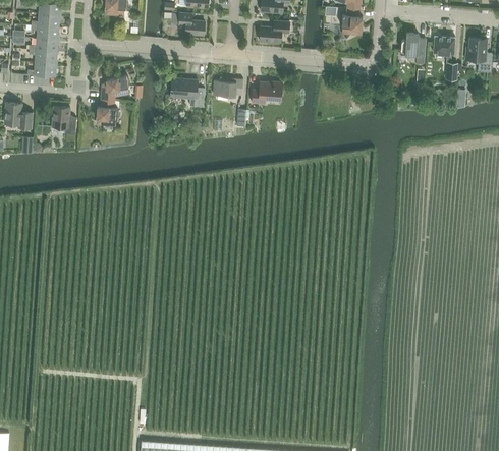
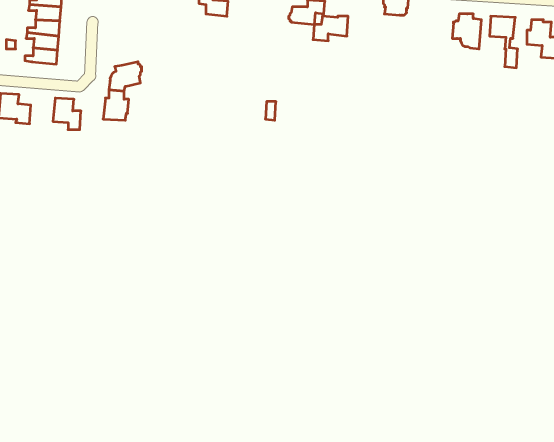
building: [170,78,205,107] -> none
building: [213,78,243,97] -> none
building: [252,82,282,104] -> [313,16,348,41]

